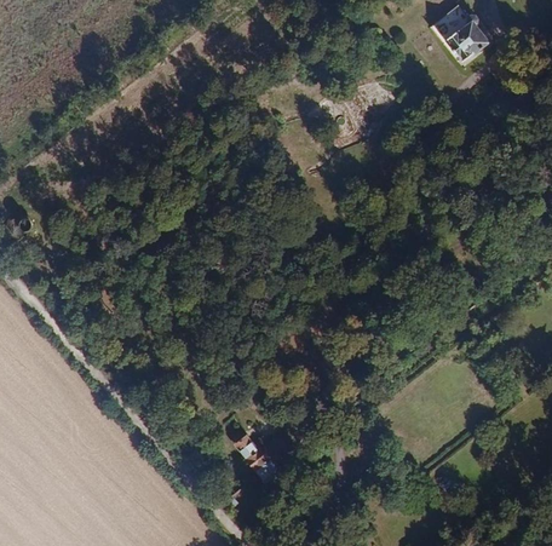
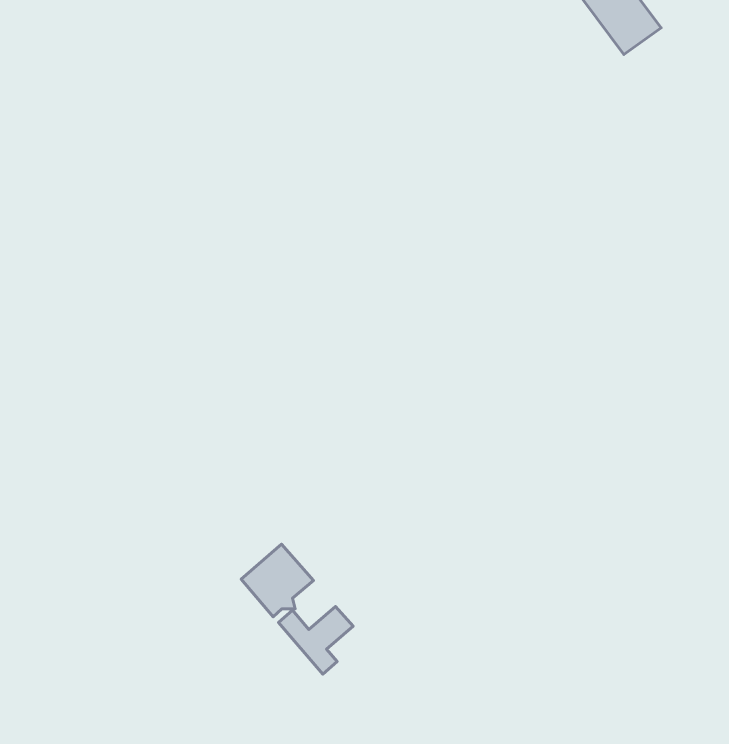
building: none -> [241,544,314,617]

